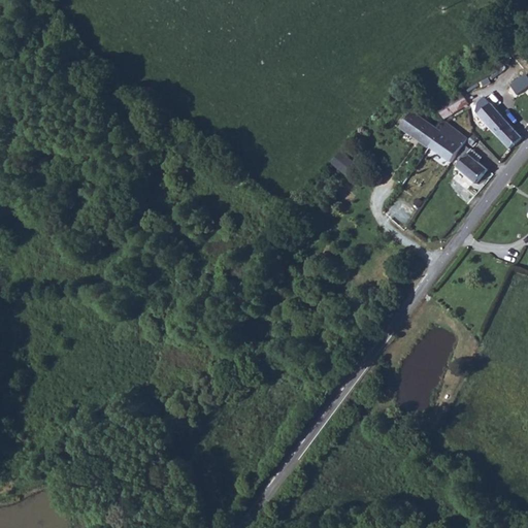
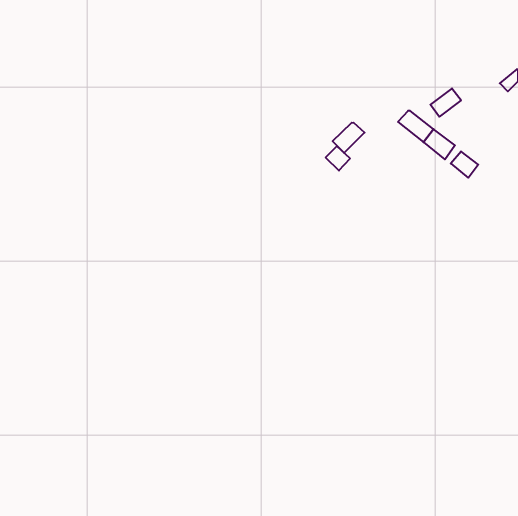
building: [470,98,520,147] -> none
building: none -> [333,123,365,153]

